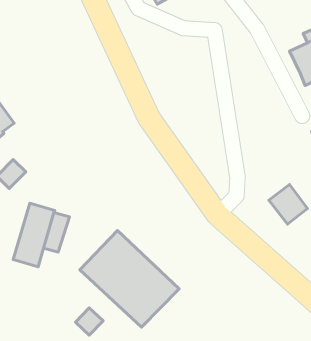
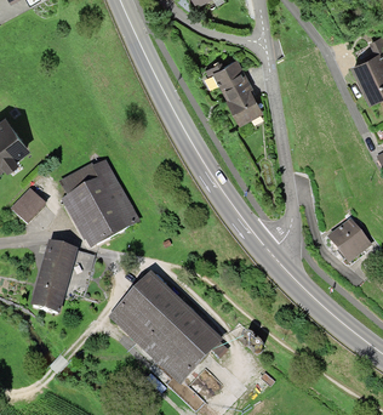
building: none -> [204,57,263,125]
building: none -> [59,158,139,248]
building: [75,308,103,335] -> none

